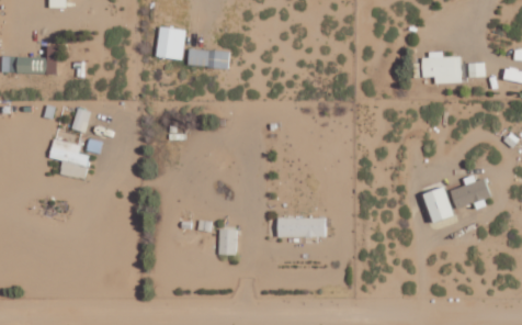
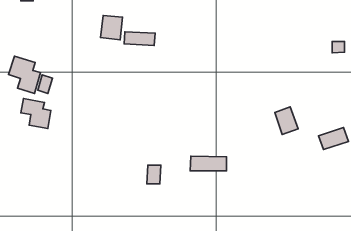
building: [421,53,461,83] -> none
building: none -> [9,56,41,93]
building: [422,186,454,223] -> [275,107,298,134]

